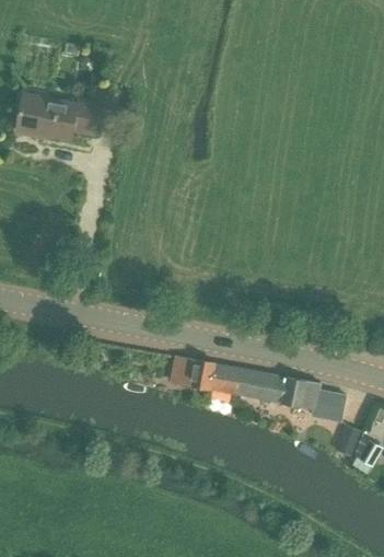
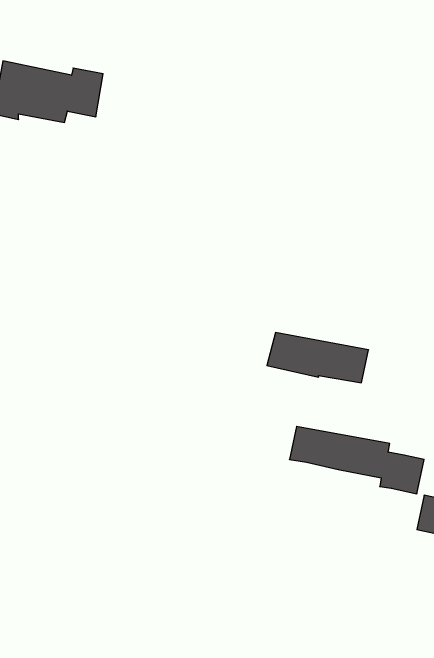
building: [170,357,247,395] -> [267,333,369,383]

